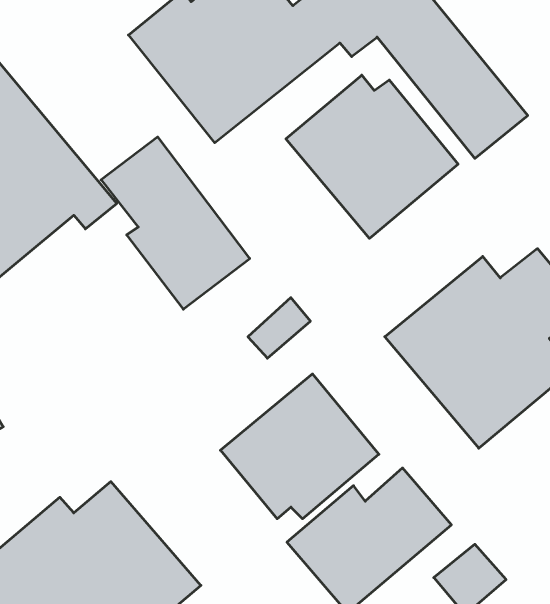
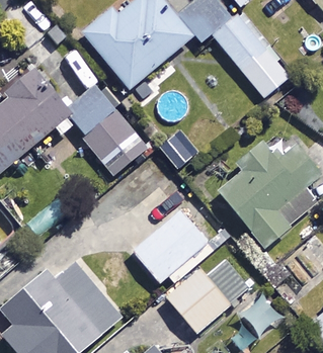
building: [286,75,458,238] -> none

